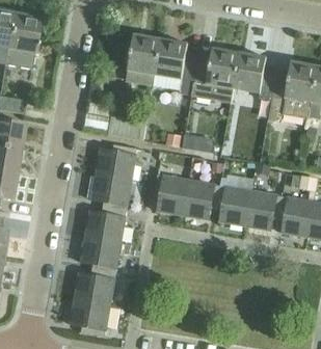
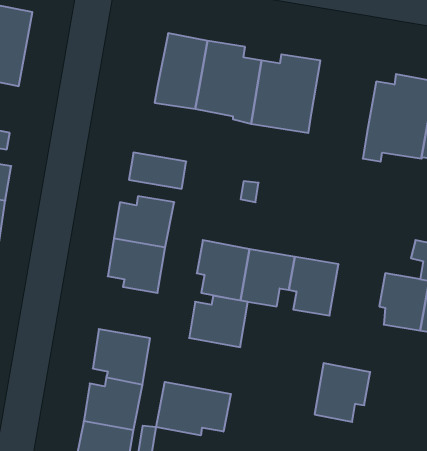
building: [233,51,277,100] -> none
building: [245,191,284,232] -> [315,363,370,422]
building: [86,207,127,242] -> [189,296,248,347]
building: none -> [156,382,231,435]

